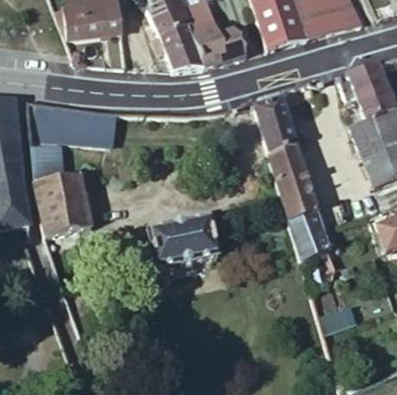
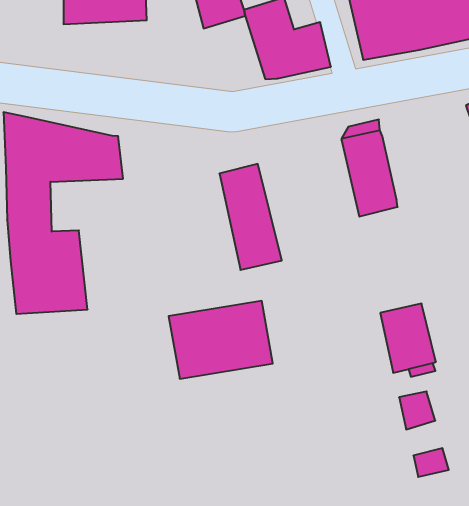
building: [159,26,203,73] -> none
building: [271,148,317,220] -> [219,164,282,270]

